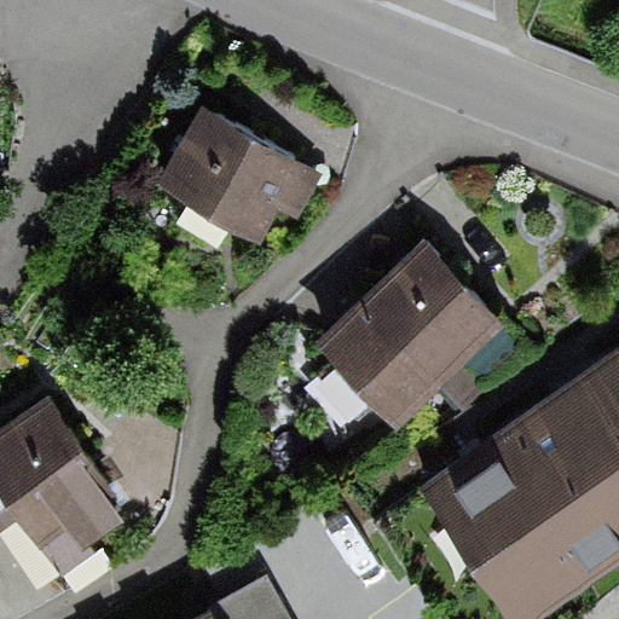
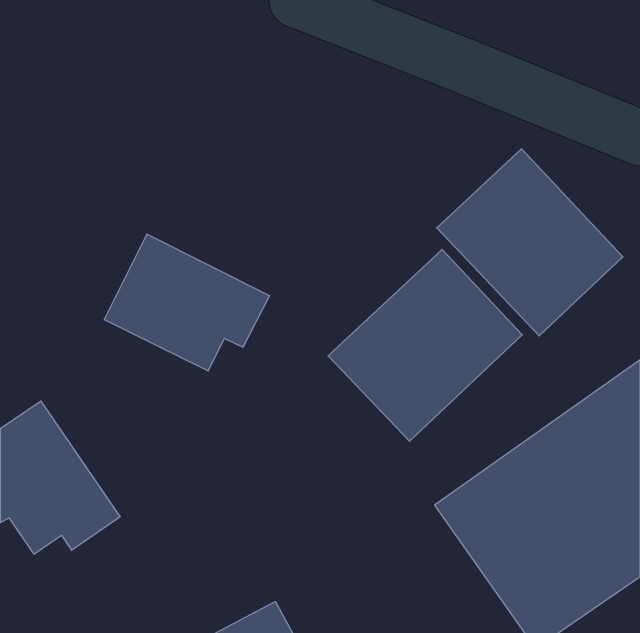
building: [158,100,318,232] -> [104,234,270,371]
building: none -> [437,149,623,336]

